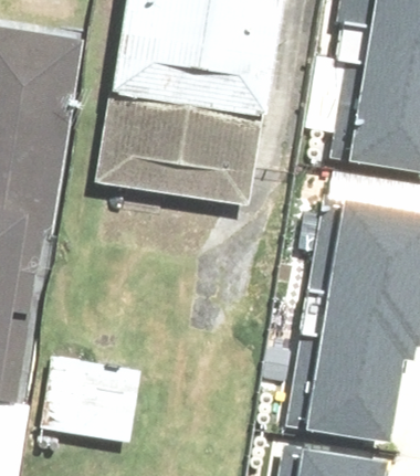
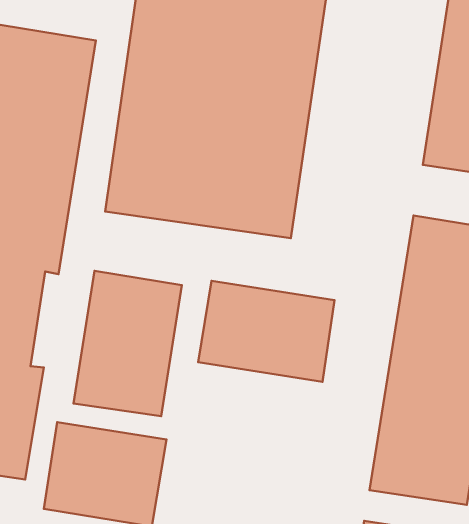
building: none -> [74,271,182,416]
building: none -> [198,281,335,382]

